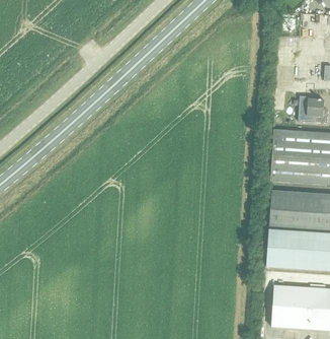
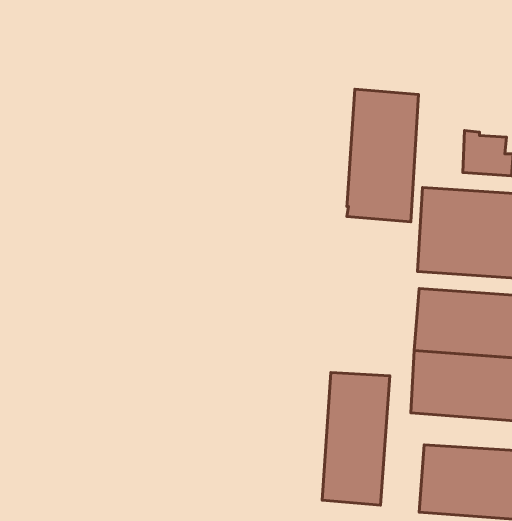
building: none -> [347,89,419,222]
building: none -> [322,373,390,505]

